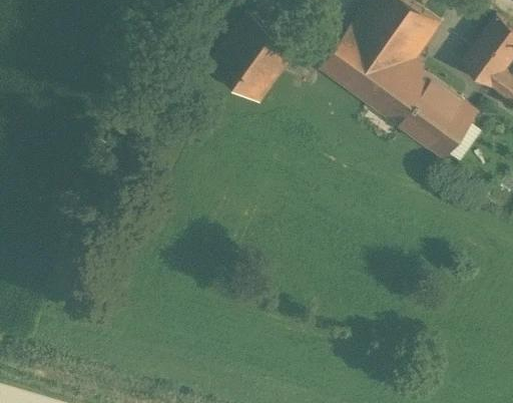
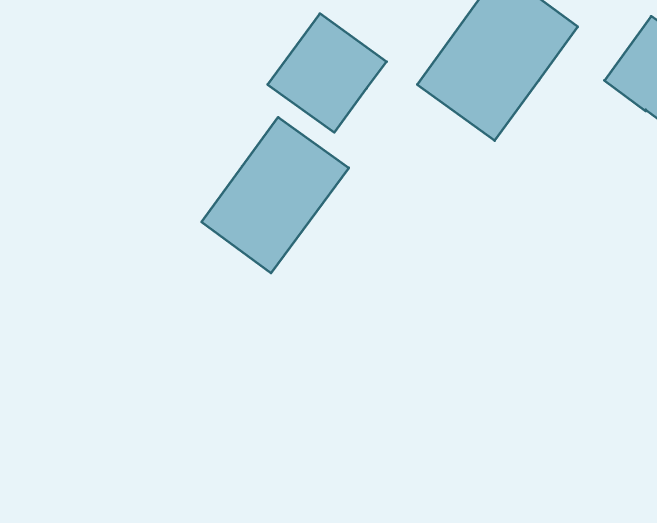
building: [381,67,478,158] -> none
building: none -> [202,117,349,273]

